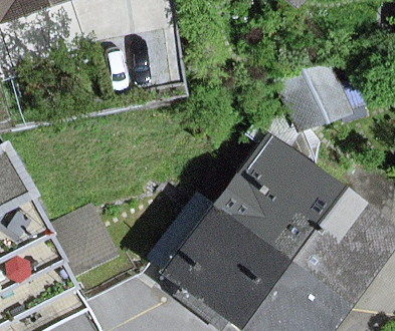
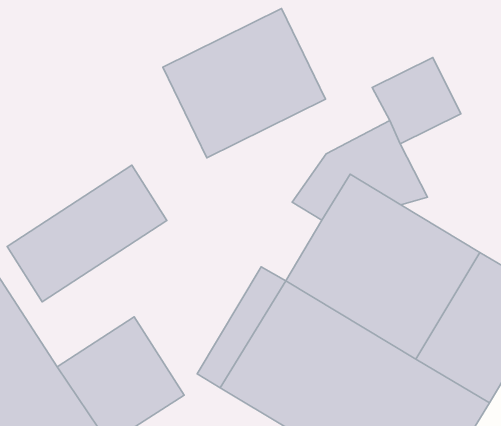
building: none -> [163,9,326,158]
building: none -> [7,165,167,302]

